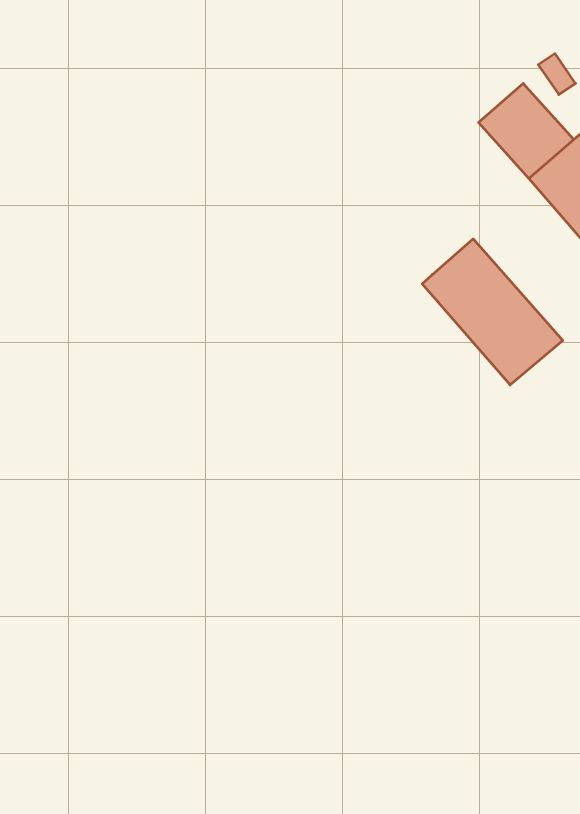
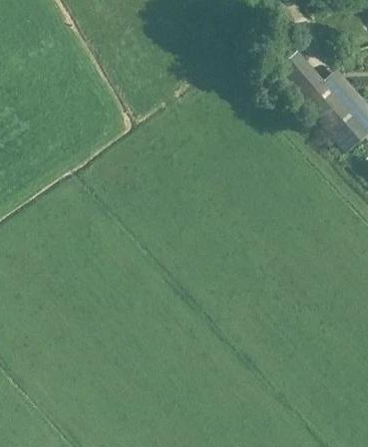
building: [422,239,563,385] -> none

